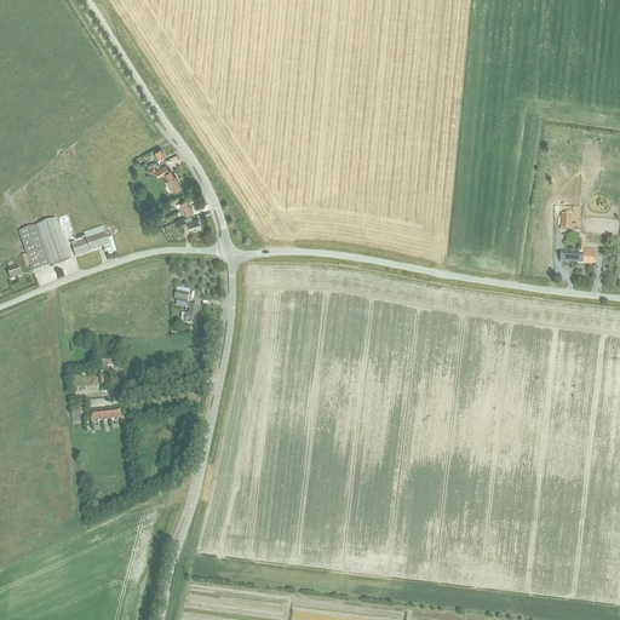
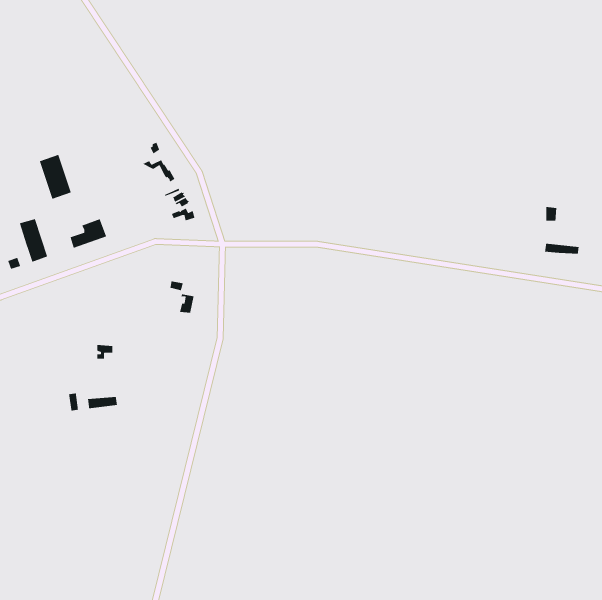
building: [36,217,70,264] -> [39,154,72,200]

